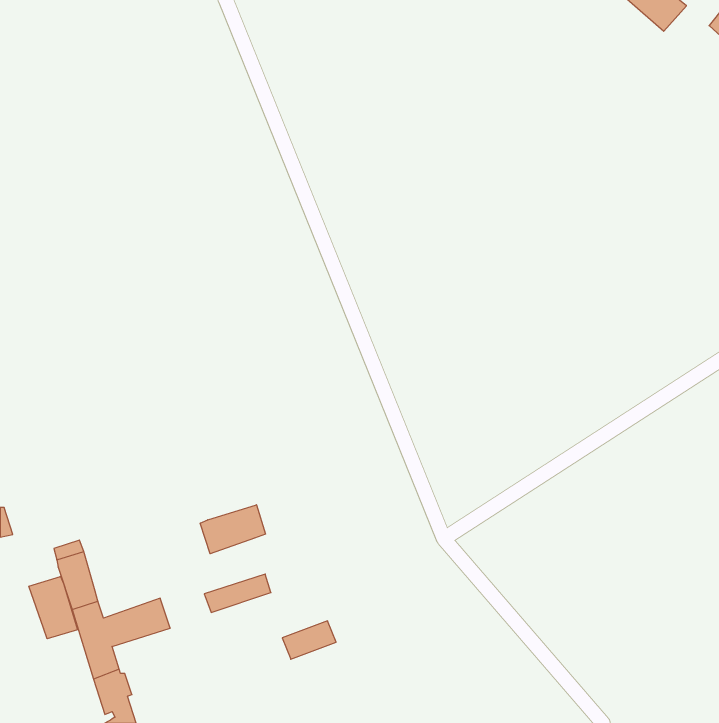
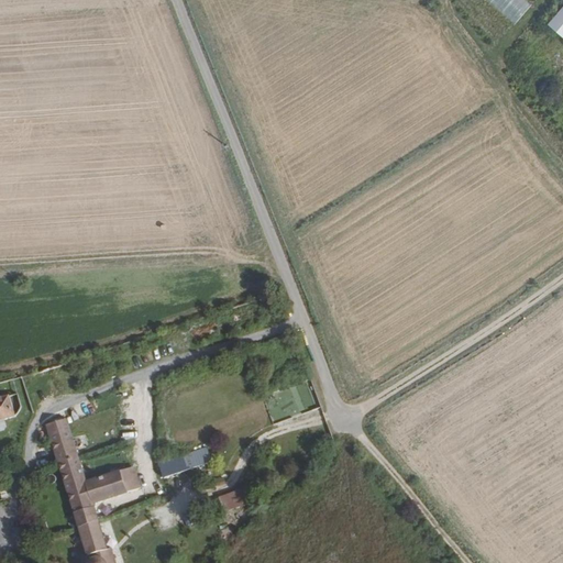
building: [200,505,265,554] -> none
building: [29,576,77,639] -> none

